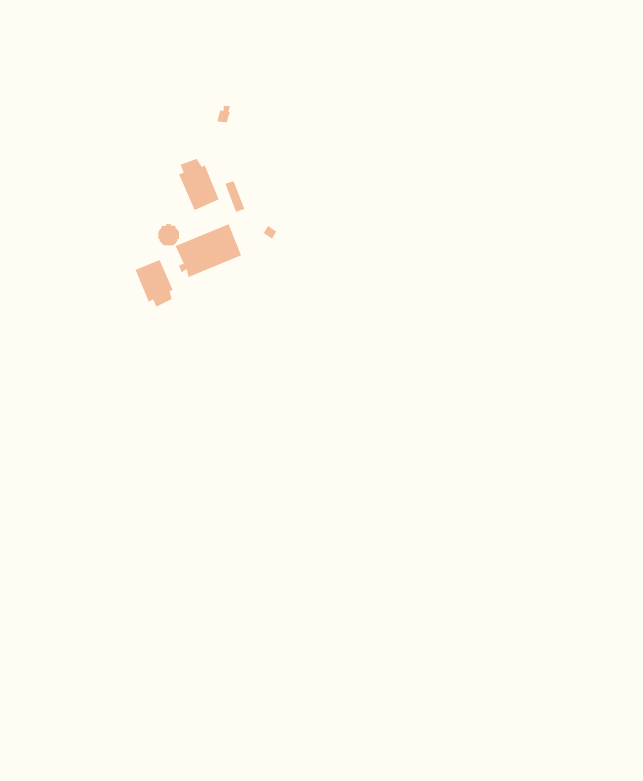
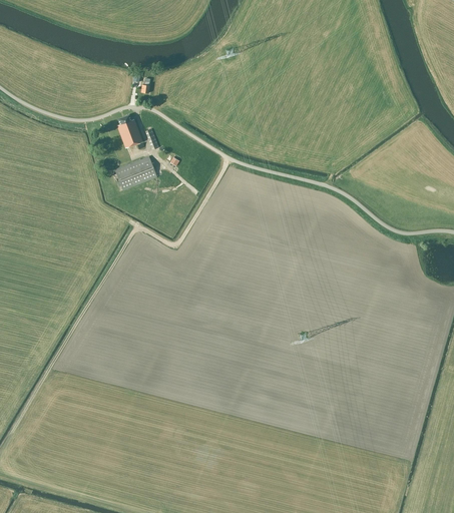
building: [135,259,173,307] -> none

